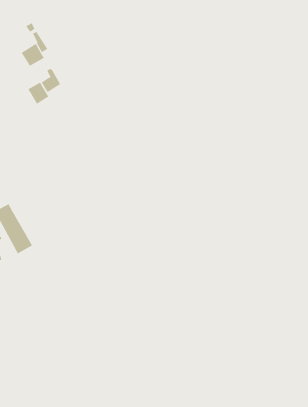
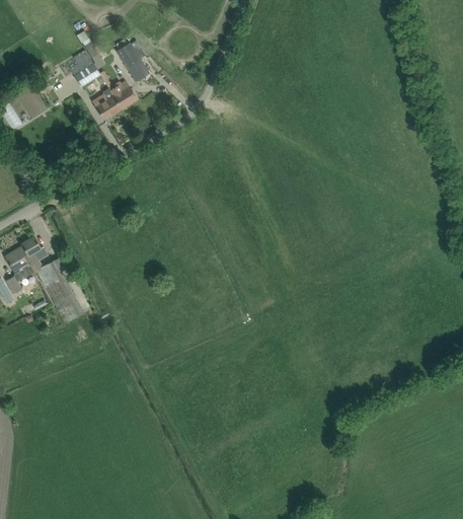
building: none -> [115,42,147,80]
building: [28,82,49,104] -> [108,80,136,108]

